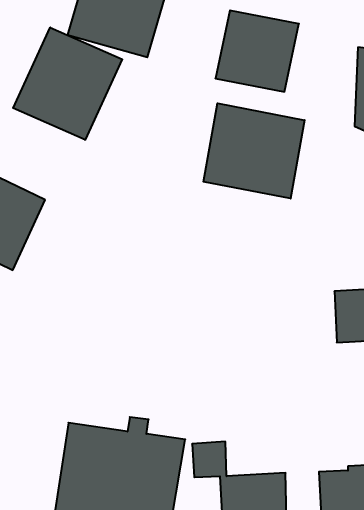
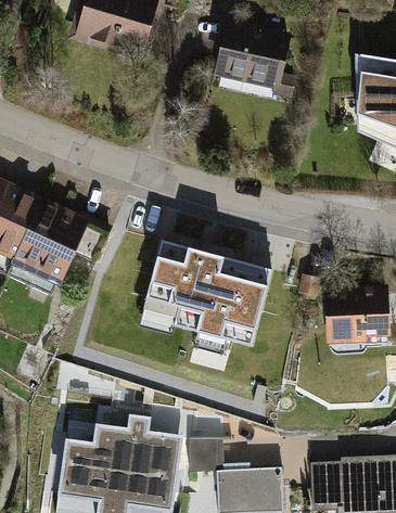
building: [13,27,122,140] -> none
building: [203,103,305,199] -> none
building: none -> [14,202,99,293]
building: none -> [135,244,272,361]

